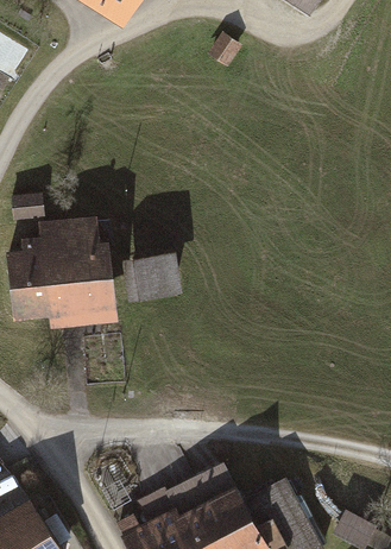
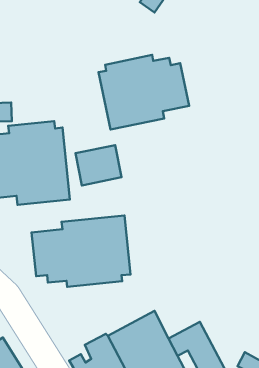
building: none -> [99,55,189,130]
building: none -> [32,215,131,287]

